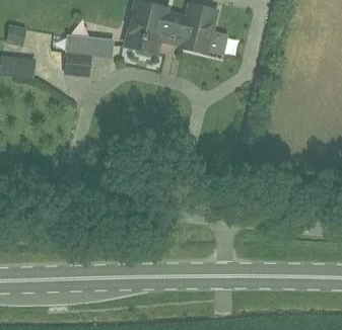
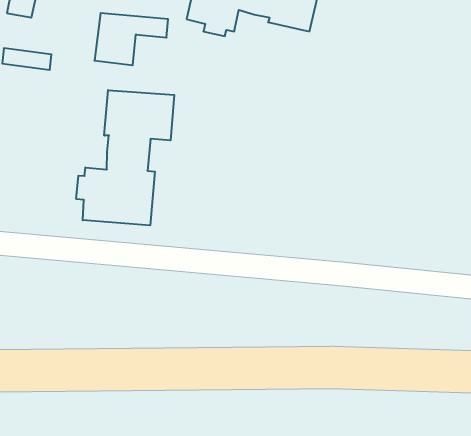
building: none -> [76,90,174,225]

